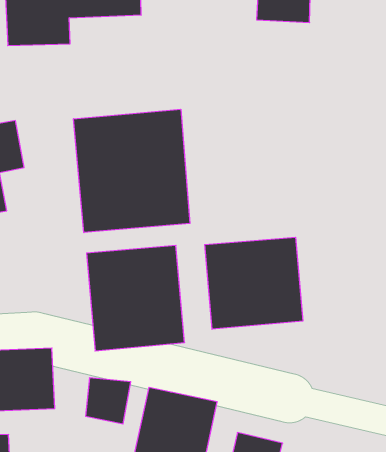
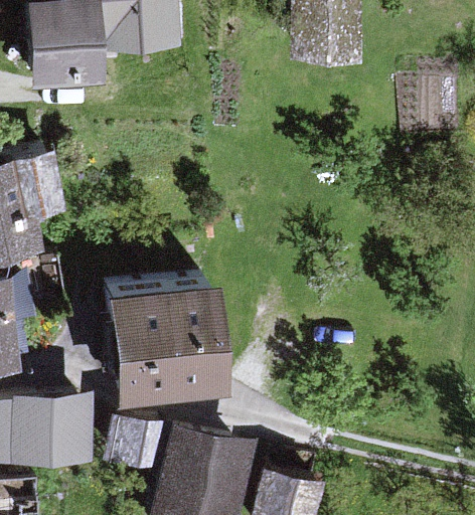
building: [74,109,190,233] -> none
building: [205,237,303,329] -> none

